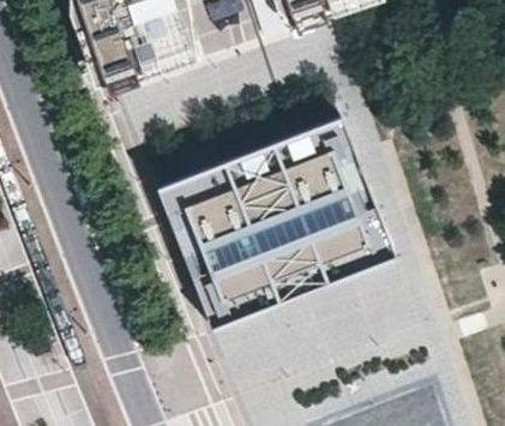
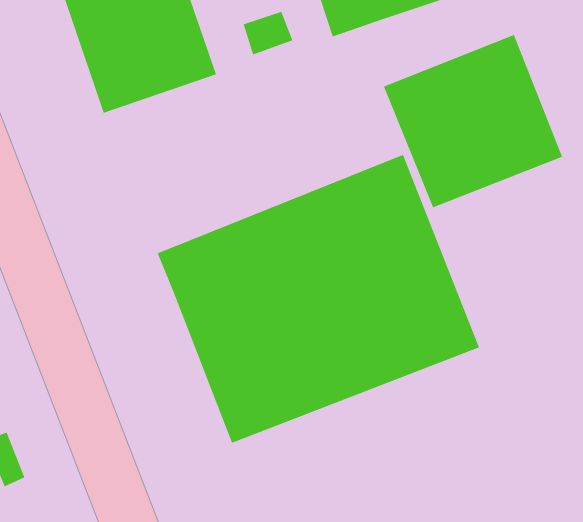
building: none -> [383,34,563,208]

